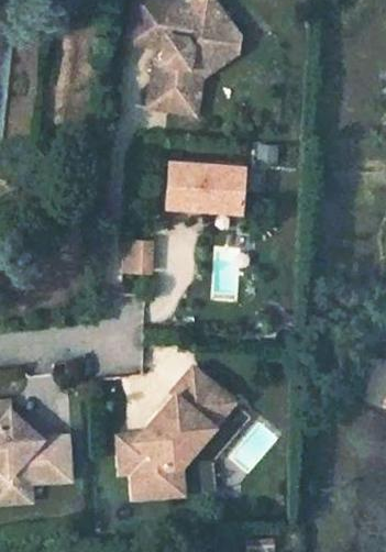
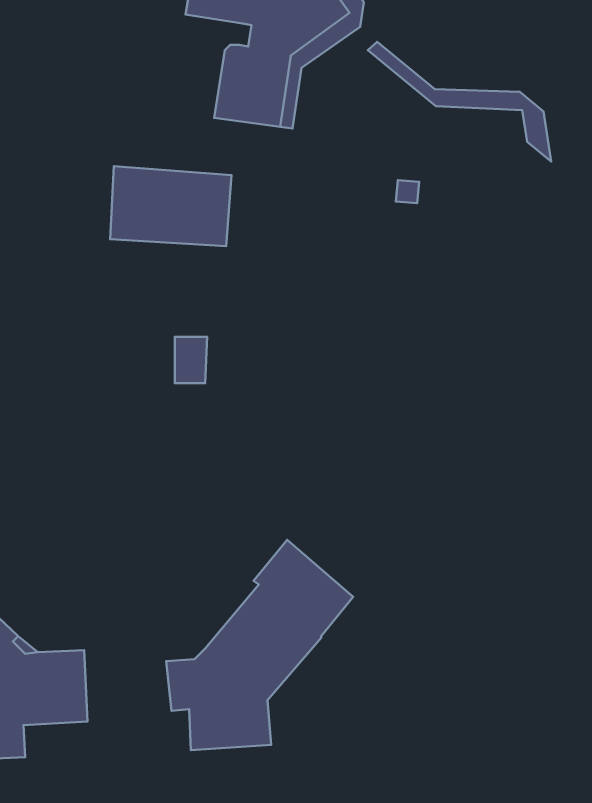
building: none -> [368,42,551,161]
building: [169,164,244,213] -> [110,166,231,246]

